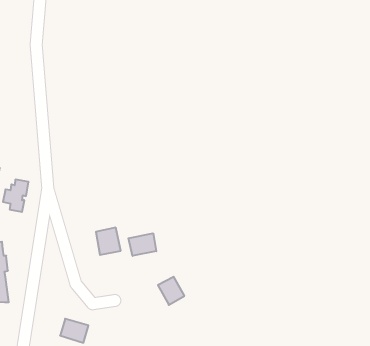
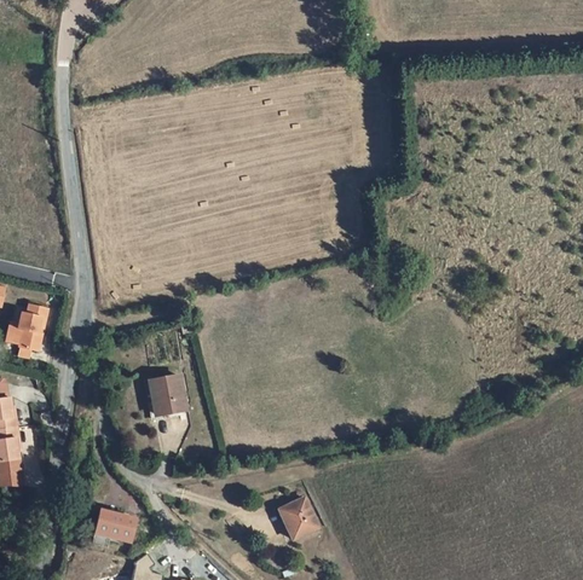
building: [128,233,156,256] -> none
building: [158,277,184,305] -> [277,499,316,540]

